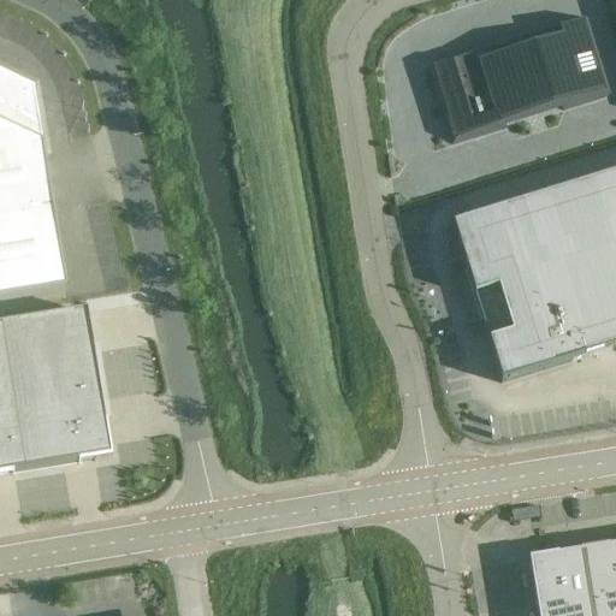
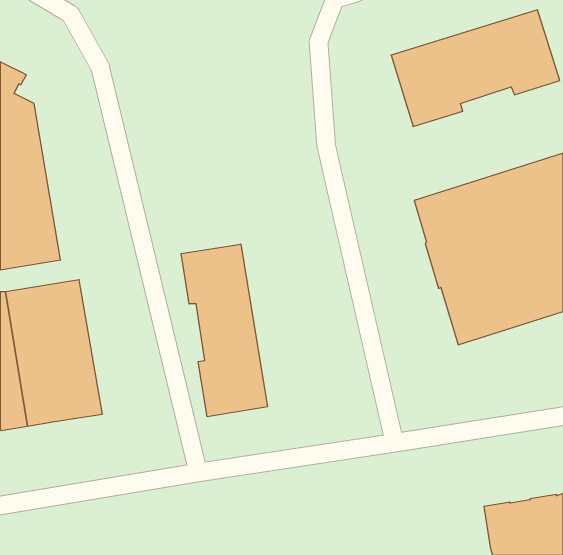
building: none -> [181,244,267,417]

